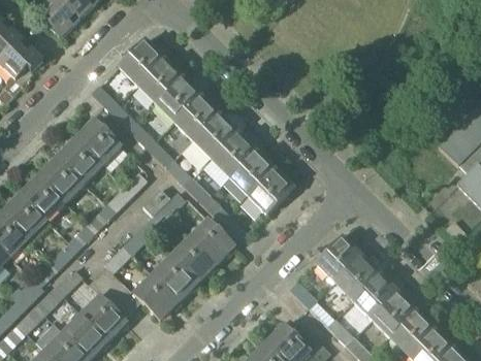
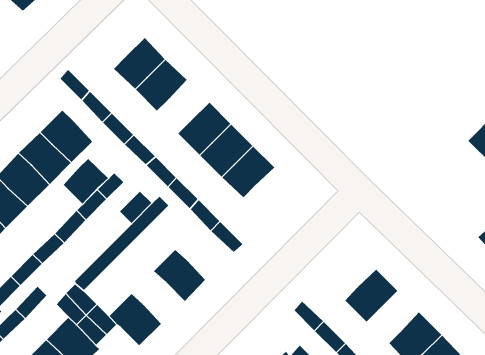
building: [117,39,163,86] -> none
building: [173,95,218,140] -> none
building: none -> [63,158,109,204]
building: [247,169,292,215] -> none
building: [189,220,233,264] -> none
building: [314,236,359,282] -> none
building: [152,257,197,301] -> none
building: [351,273,395,318] -> none

